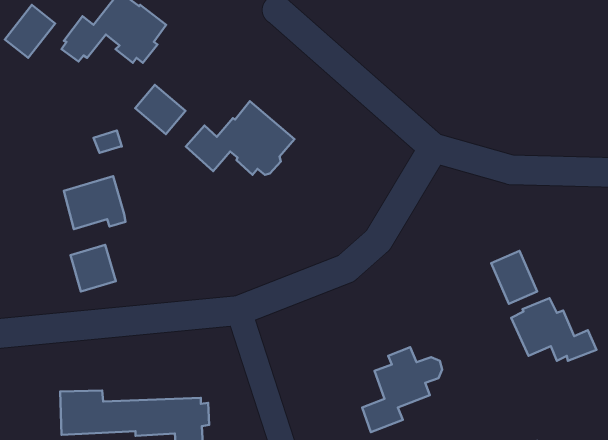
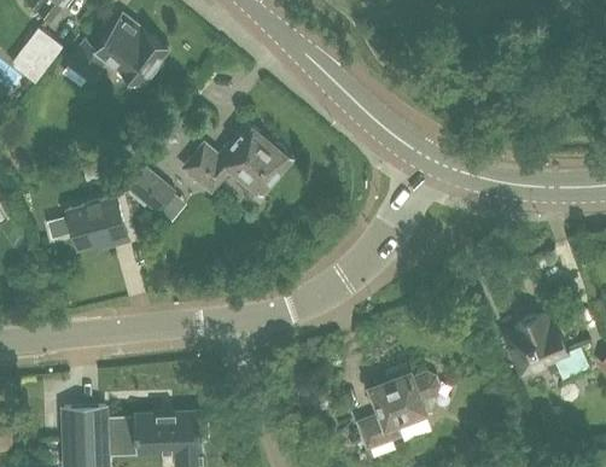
building: [135,85,186,134] -> [126,167,175,215]
building: [70,245,116,291] -> none
building: [491,251,537,304] -> none

